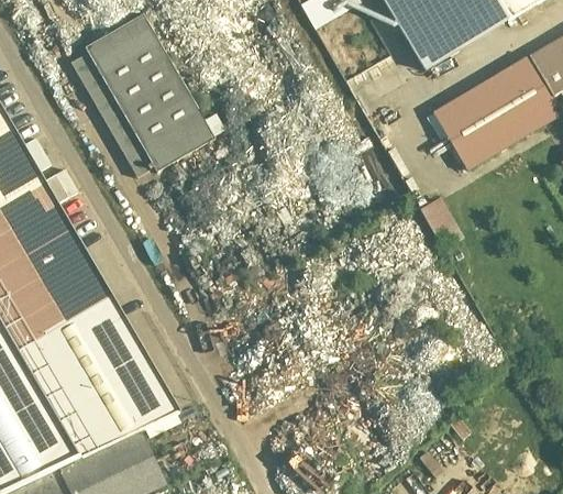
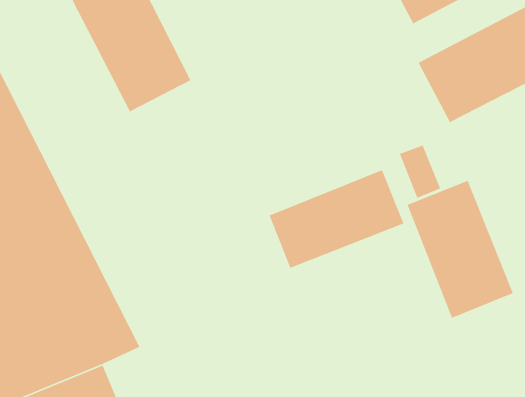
building: none -> [268,169,404,269]
building: none -> [406,180,514,319]

